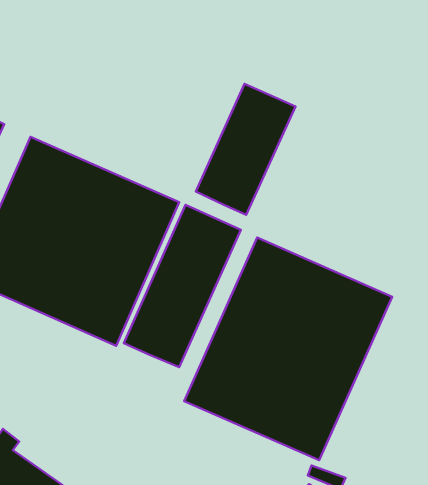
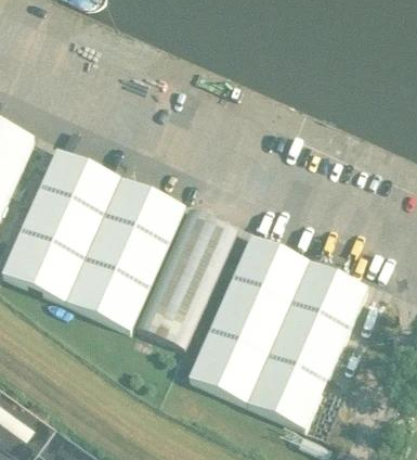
building: [196,84,295,215] -> none

